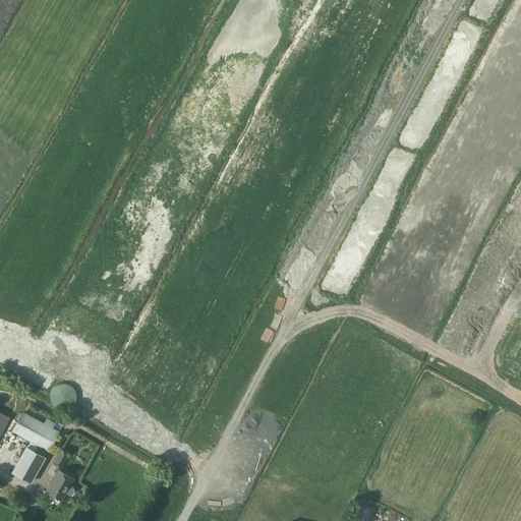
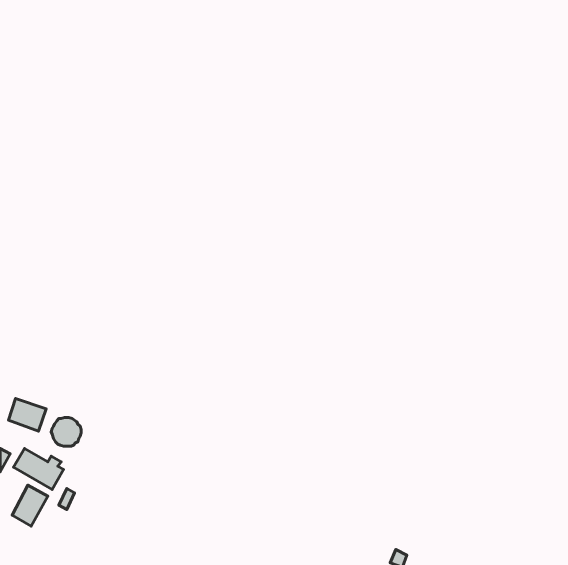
building: none -> [9,398,46,431]
building: [47,471,74,500] -> none

